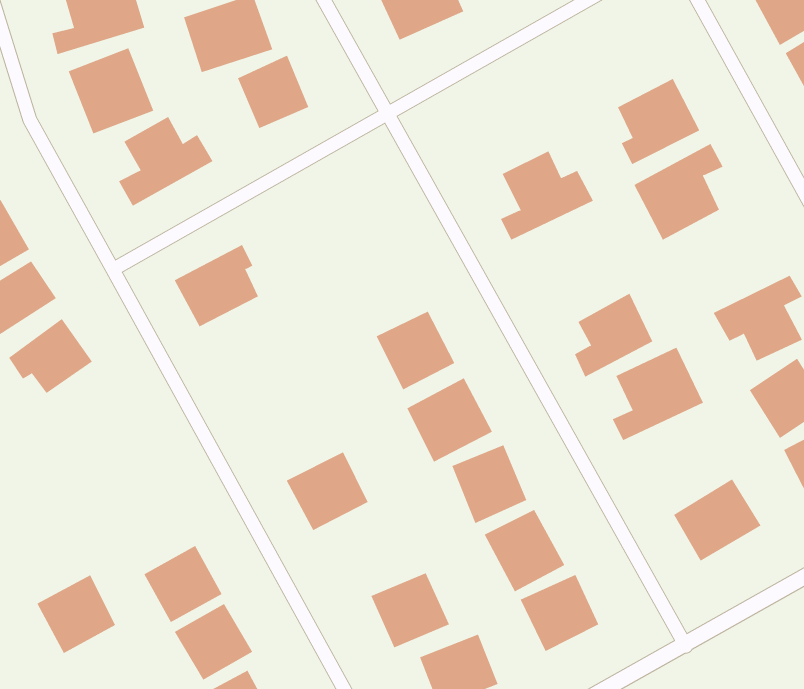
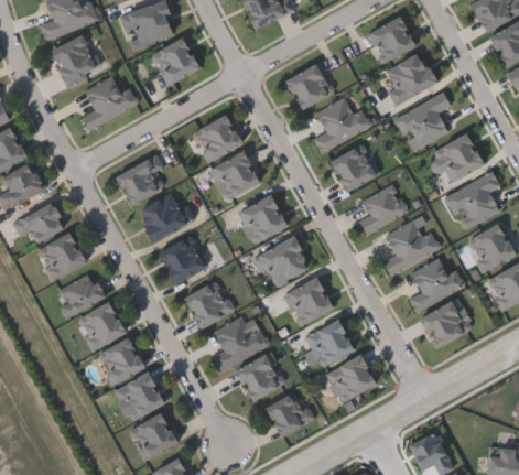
building: none -> [368,15,415,62]
building: none -> [285,62,333,108]
building: none -> [195,114,244,161]
building: none -> [436,133,483,180]
building: none -> [329,143,379,192]
building: none -> [212,151,261,199]
building: none -> [138,193,196,240]
building: none -> [39,231,86,279]
building: none -> [159,235,207,282]
building: none -> [409,259,466,311]
building: none -> [55,272,106,316]
building: none -> [214,316,270,370]
building: [36,575,116,654] -> [77,301,126,349]

